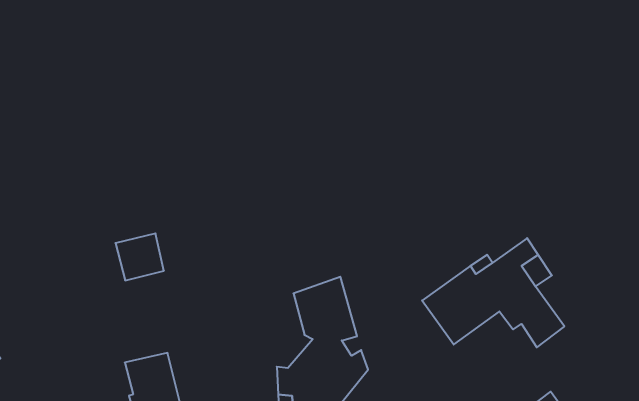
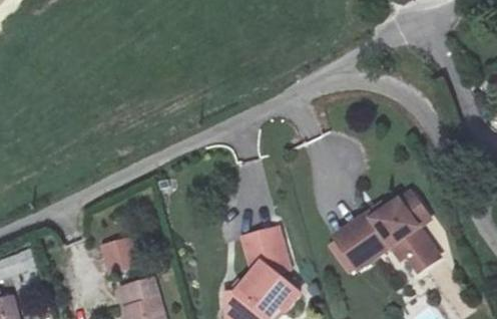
building: [115,233,164,280] -> [102,235,137,269]

